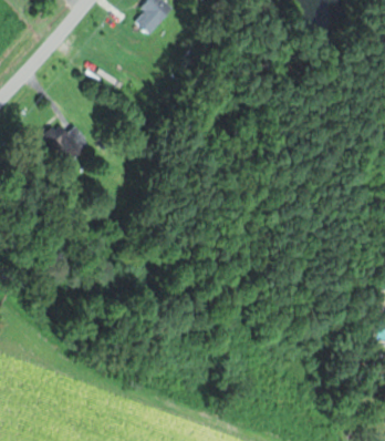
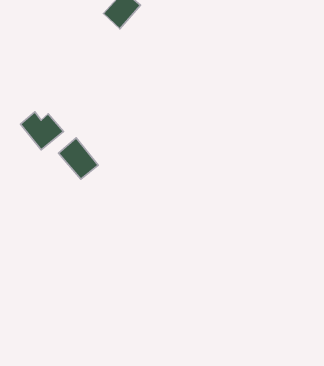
building: none -> [59,138,98,179]

